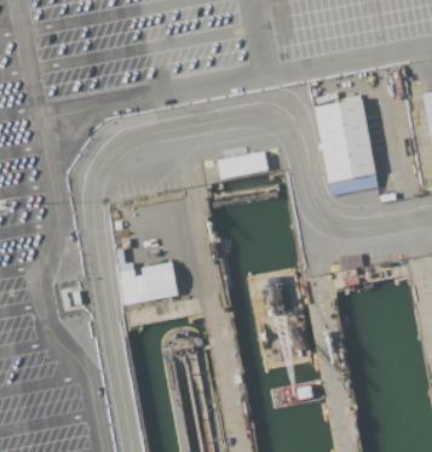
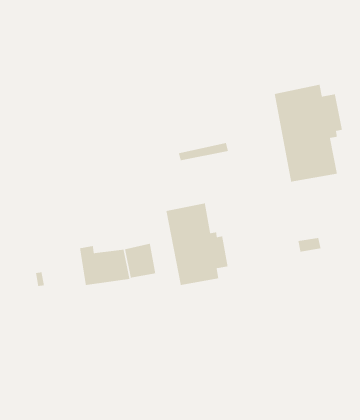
building: none -> [166,202,228,286]

